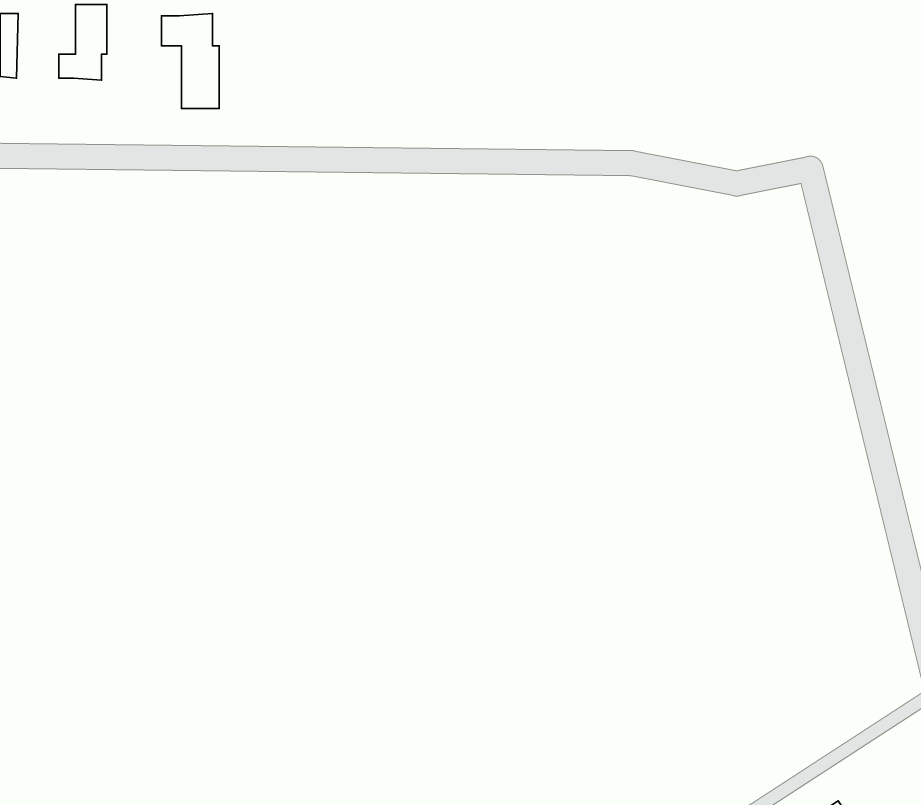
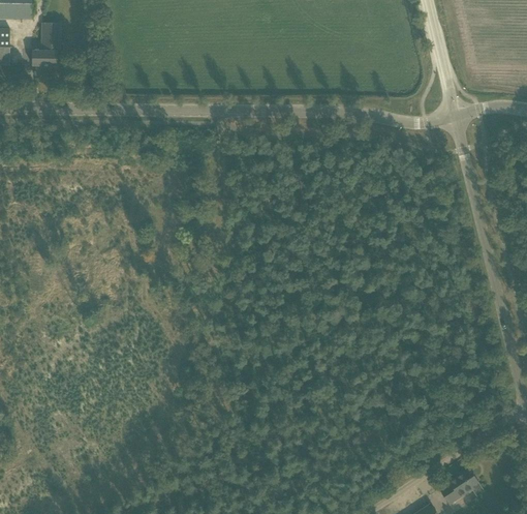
building: [162,13,219,109] -> none

